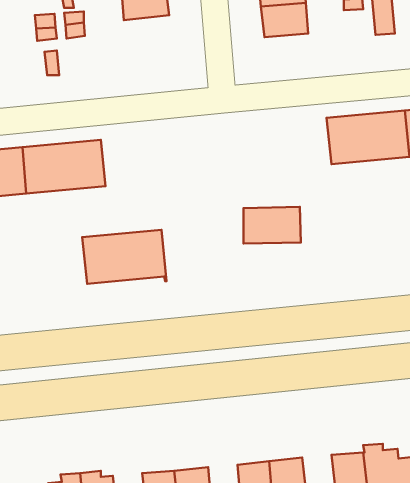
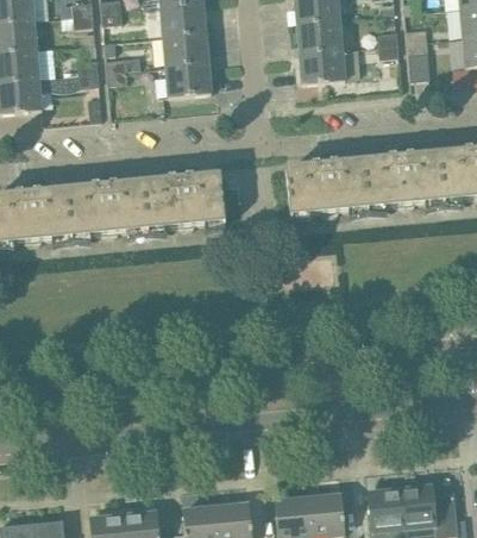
building: none -> [165,61,212,95]
building: none -> [285,161,368,219]
building: [82,230,166,284] -> [143,175,225,227]

